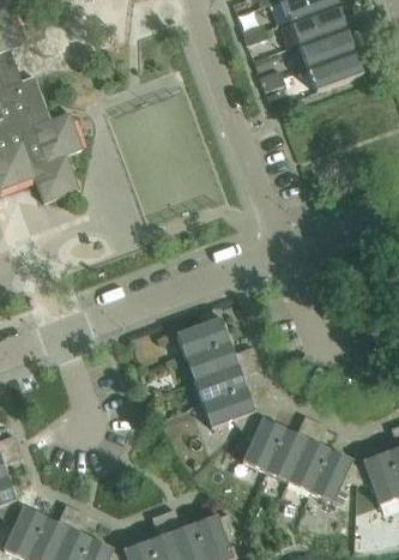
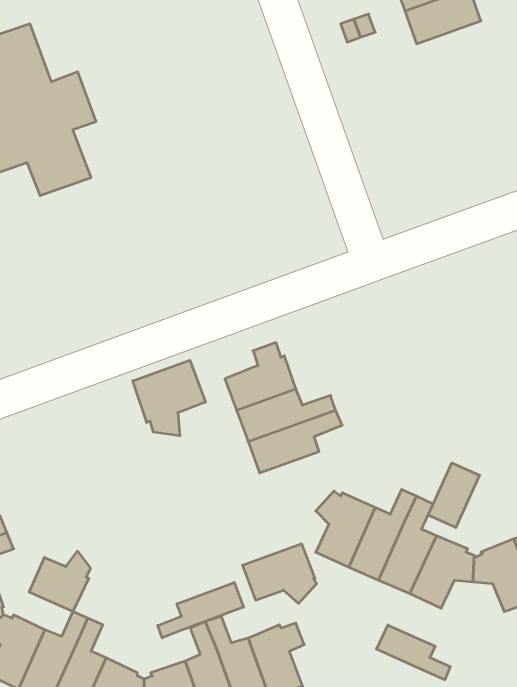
building: none -> [133,360,205,436]
building: [201,387,255,430] -> [242,544,317,603]
building: none -> [428,463,480,528]
building: none -> [29,551,90,612]
building: none -> [158,582,243,638]
building: none -> [376,625,450,680]

